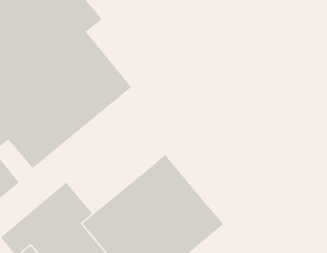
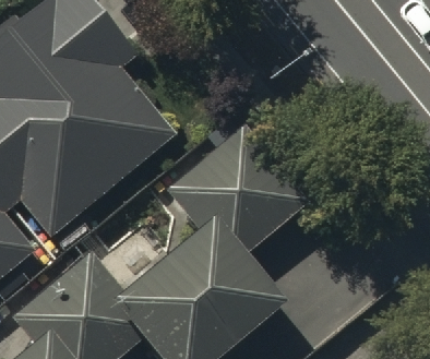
building: none -> [166,125,310,255]

